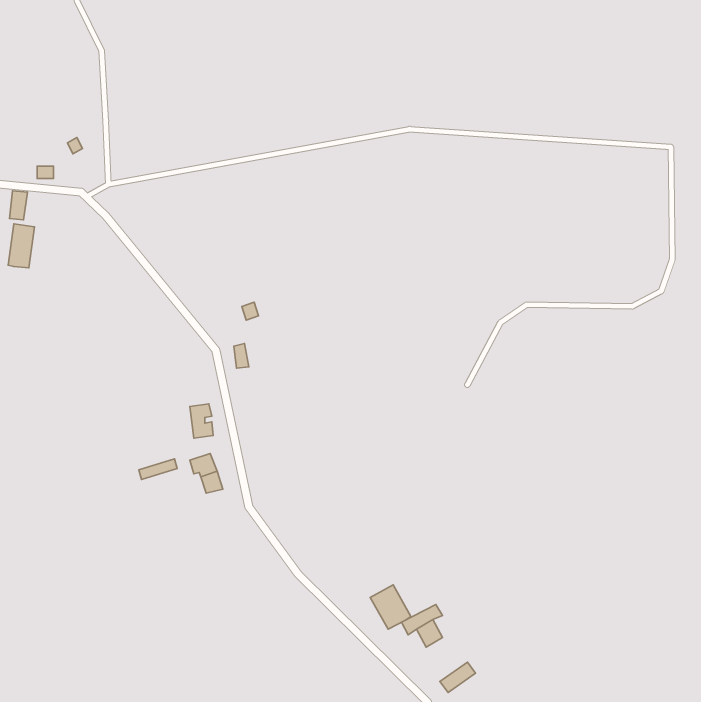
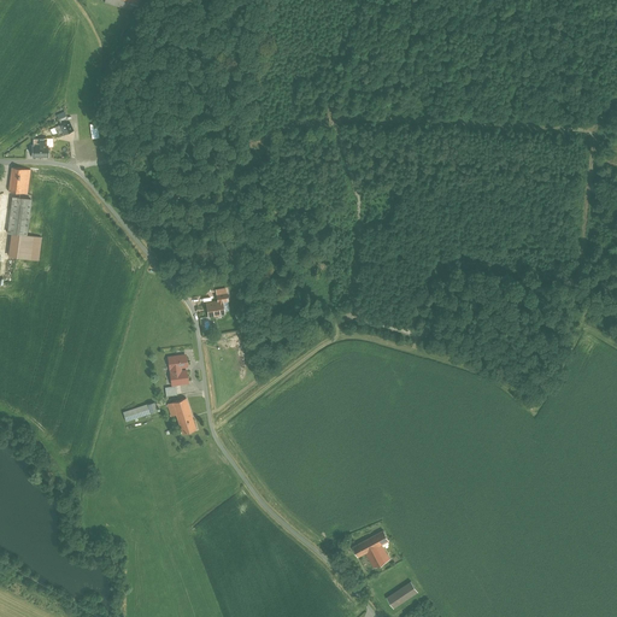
building: none -> [8,234,40,260]
building: [370,585,411,629] -> none

